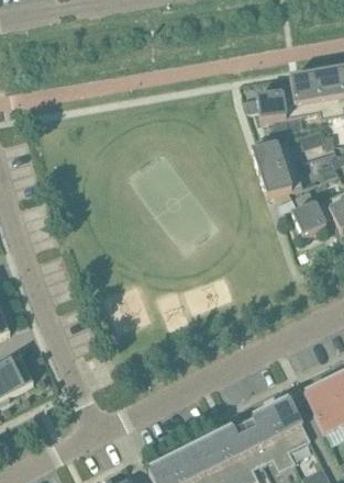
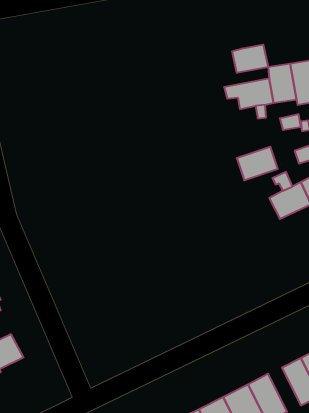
building: none -> [232,45,268,73]
building: [248,137,291,172] -> none

